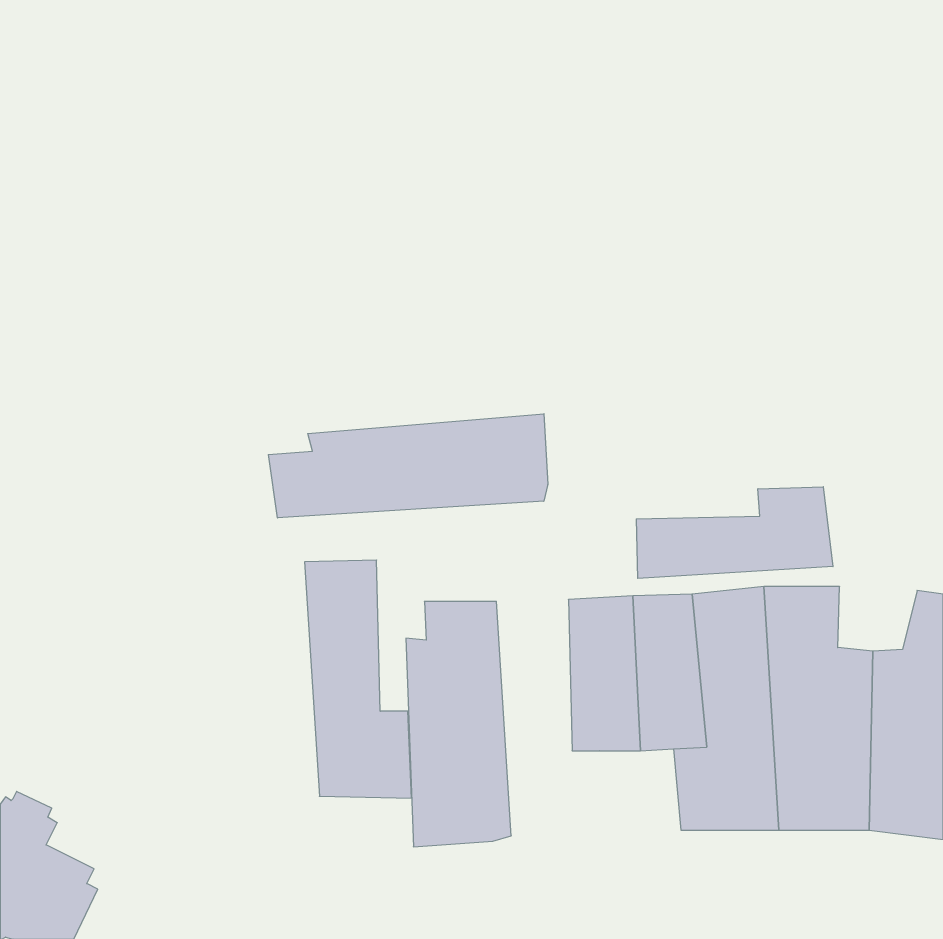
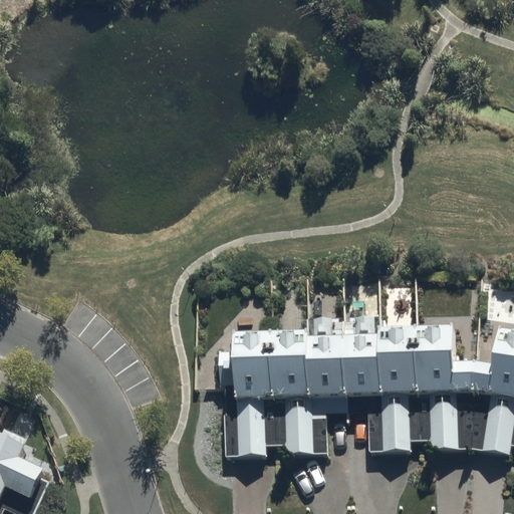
building: [268,414,548,518] -> none
building: [636,487,833,578] -> none
building: [305,560,412,798] -> [270,326,328,456]

